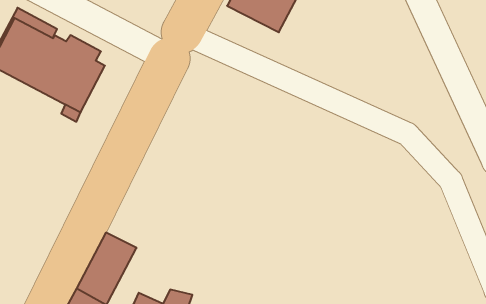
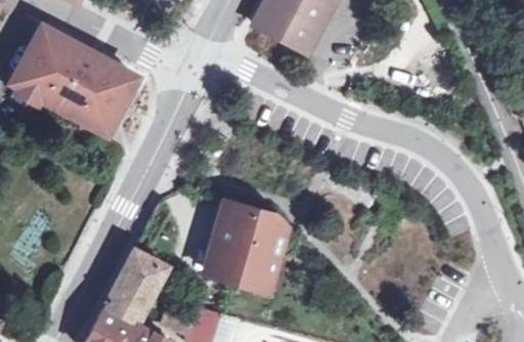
building: none -> [207,201,283,291]

